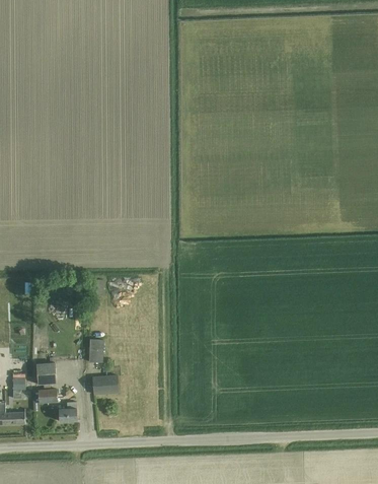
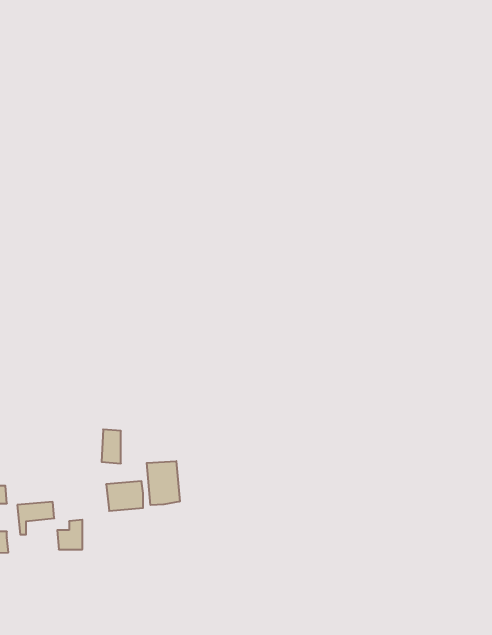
building: none -> [147,461,180,505]
building: [36,361,57,385] -> none

